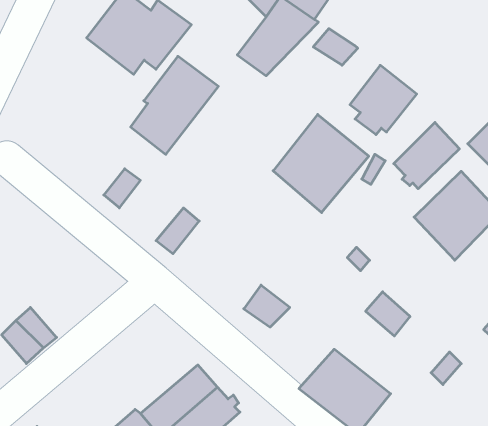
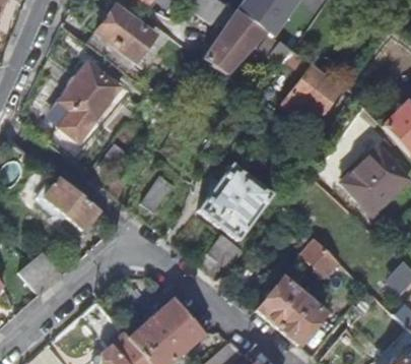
building: [131,56,218,154] -> [50,63,118,139]
building: [273,114,369,213] -> [200,165,274,241]
building: [394,122,459,189] -> none
building: none -> [45,178,98,229]

